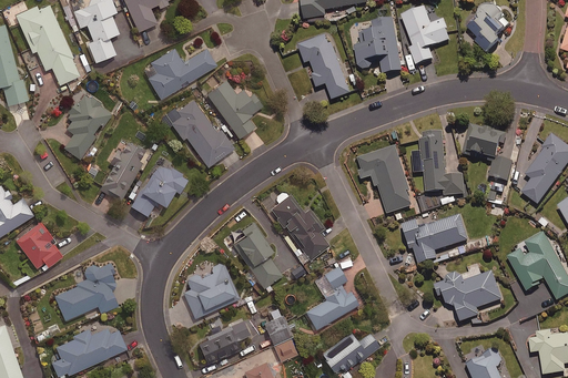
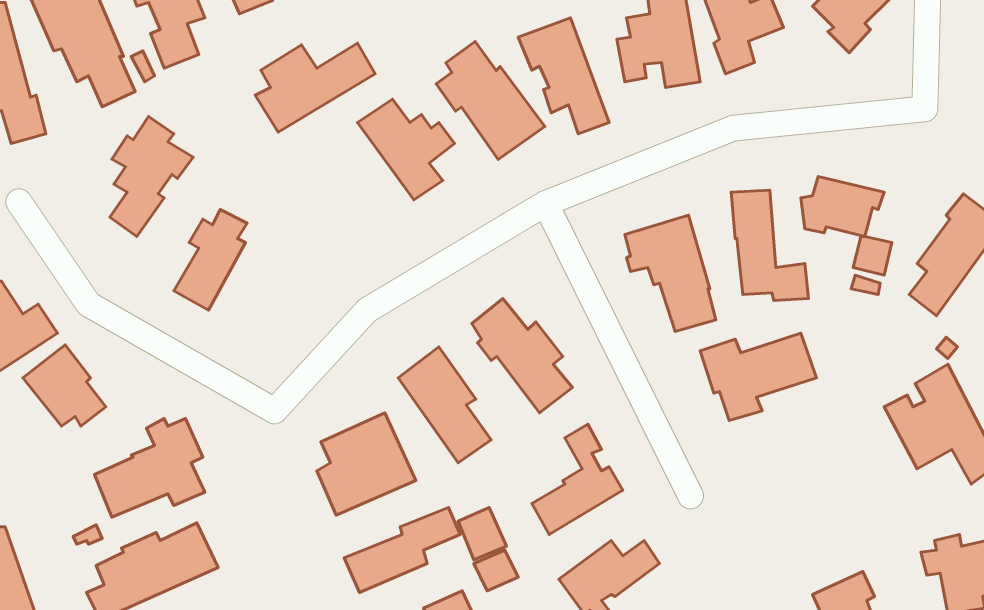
building: [171,99,233,166] -> [436,41,545,159]
building: [130,161,187,216] -> none
building: [435,270,501,321] -> none

